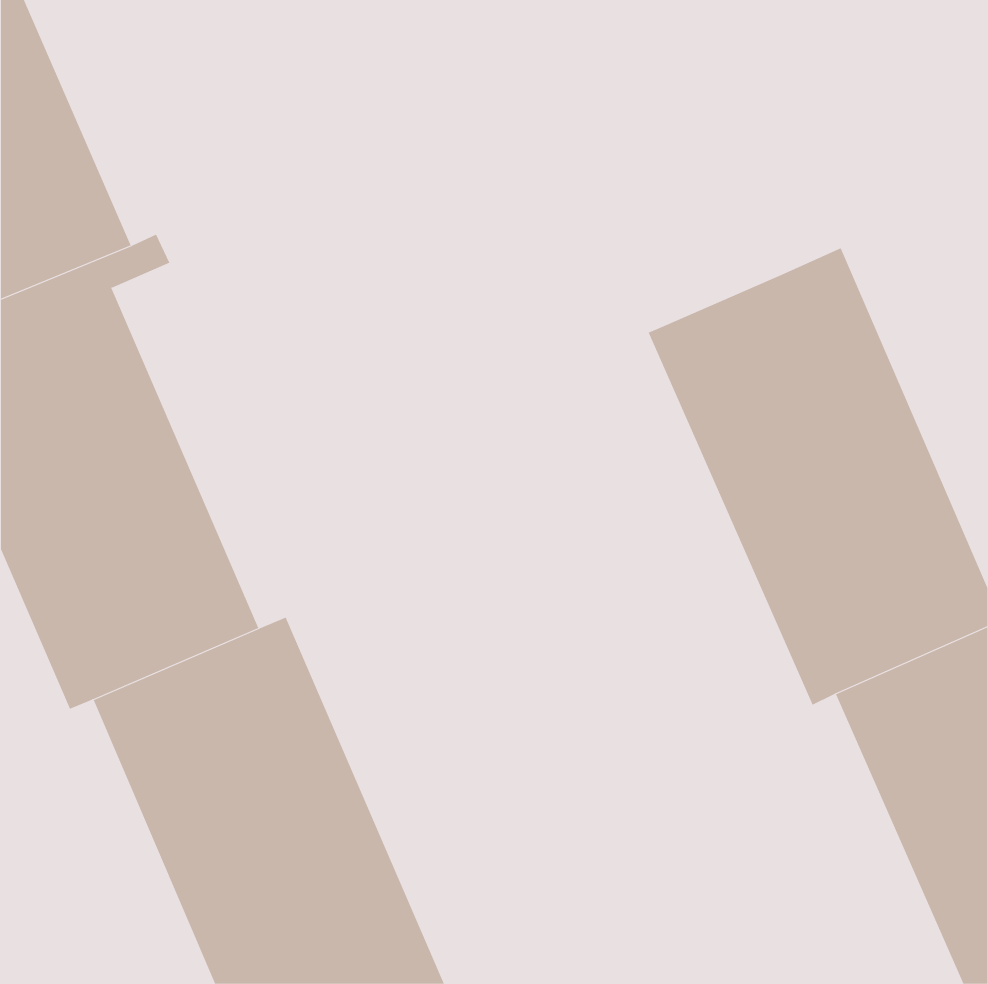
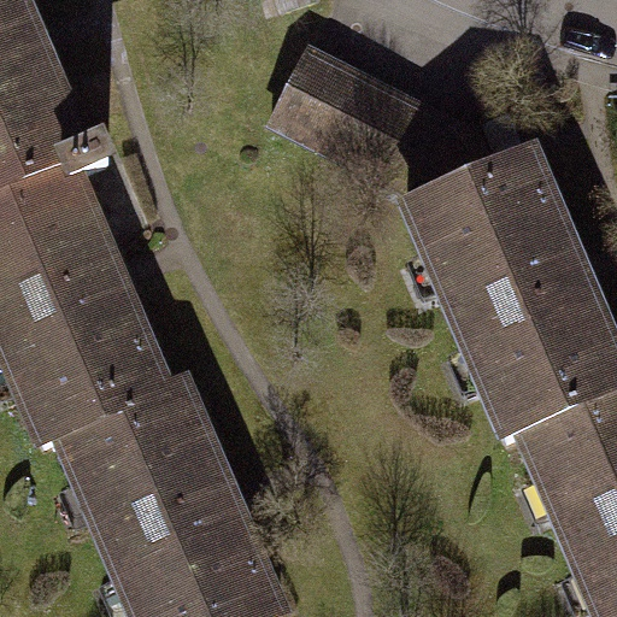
building: none -> [275,53,487,204]

